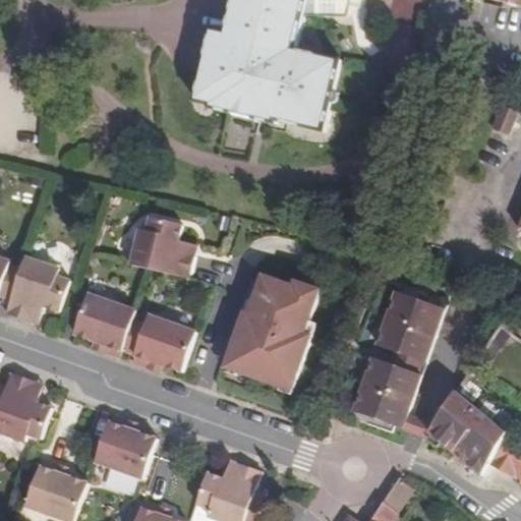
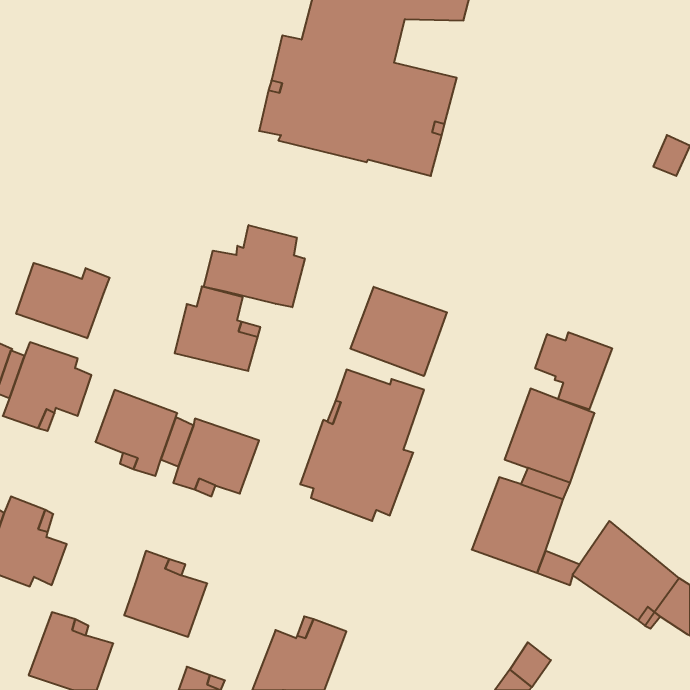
building: none -> [204,225,305,307]
building: none -> [16,263,110,338]
building: none -> [350,287,447,376]
building: none -> [535,332,612,410]

